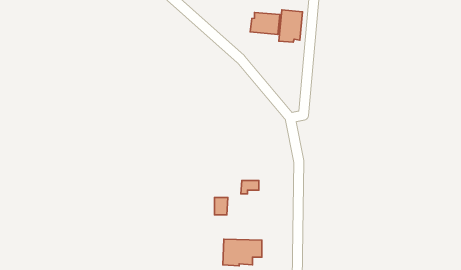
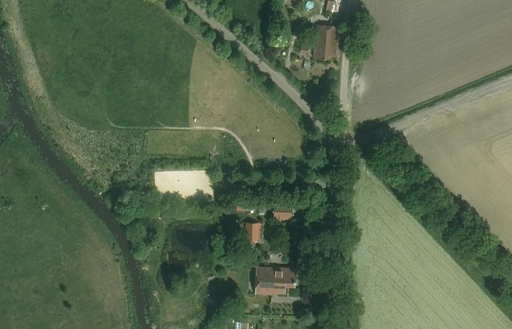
building: [250,13,280,34] -> none

